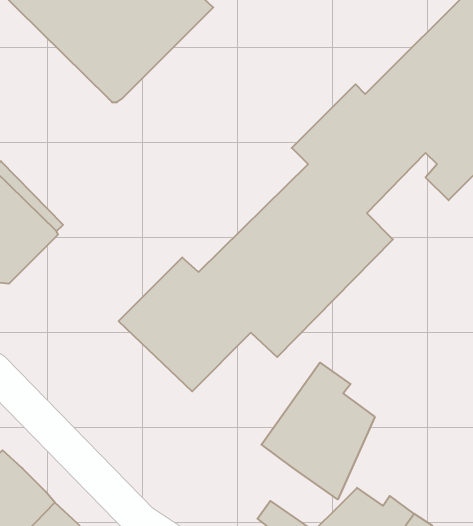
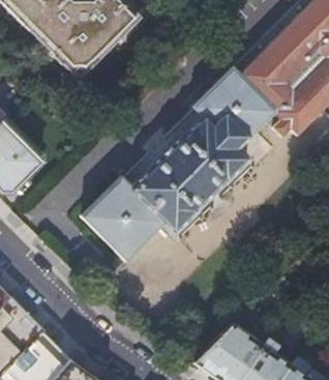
building: [261,363,375,499] -> none

